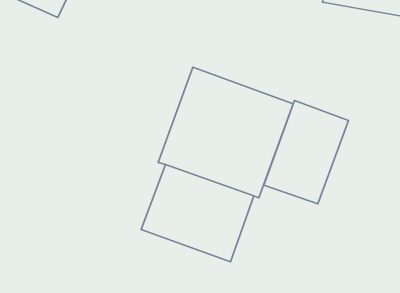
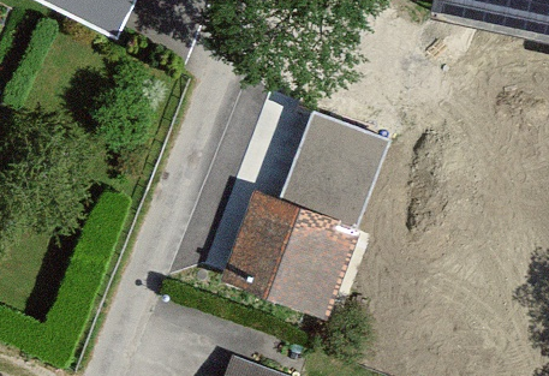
building: [264,100,349,204] -> none

